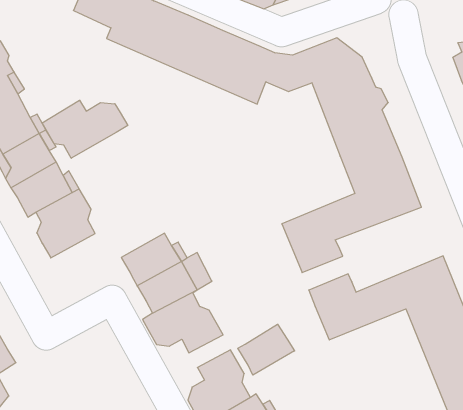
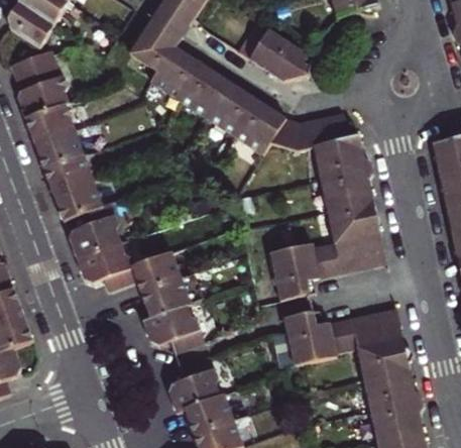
building: [42,100,128,158] -> none
building: none -> [77,241,139,290]
building: [238,324,295,375] -> none

